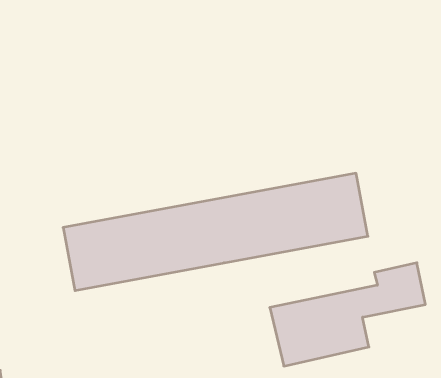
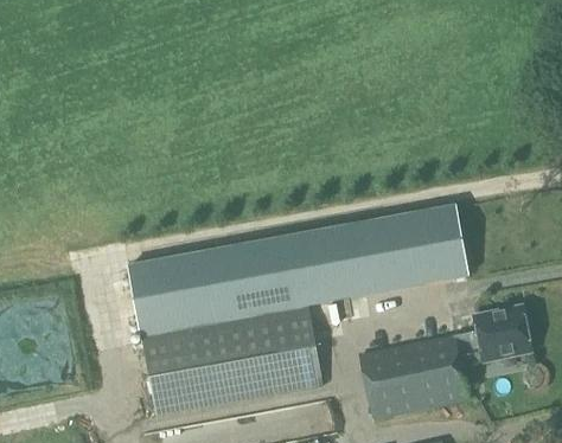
building: none -> [141,304,321,413]

